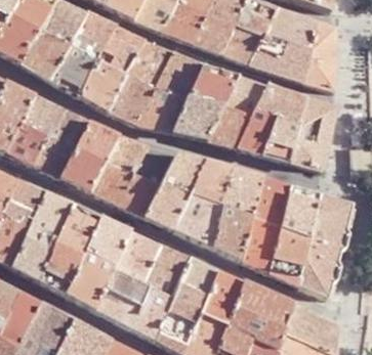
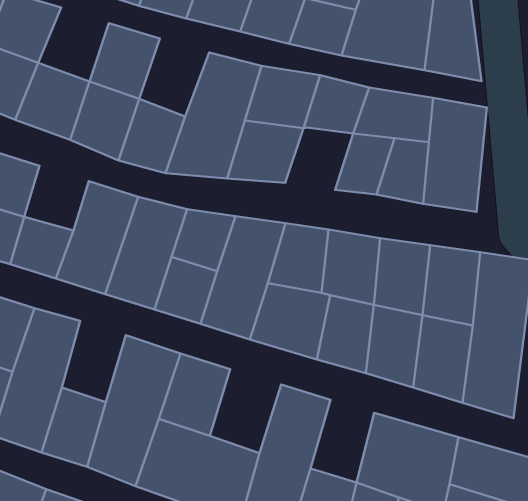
building: [66,11,112,58] -> none
building: [124,38,170,87] -> none
building: [206,103,251,143] -> none
building: [45,105,87,147] -> none
building: [54,203,97,254] -> none
building: [140,243,188,297] -> none
building: [199,270,242,322] -> none

